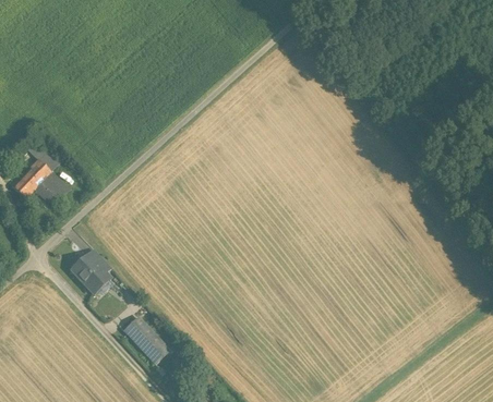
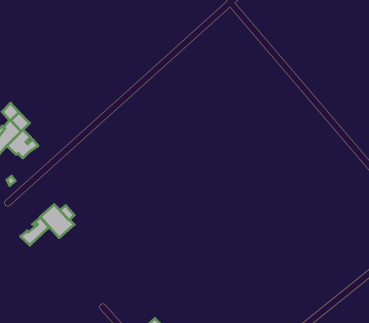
building: none -> [21,217,49,245]
building: [123,317,168,363] -> none

